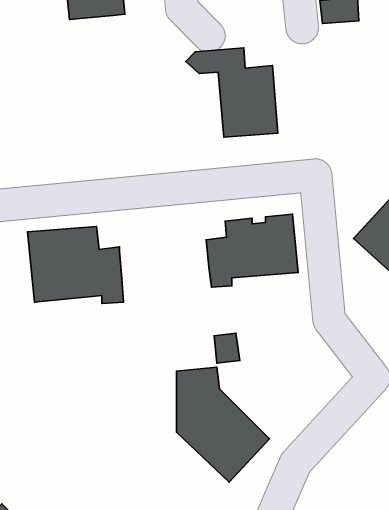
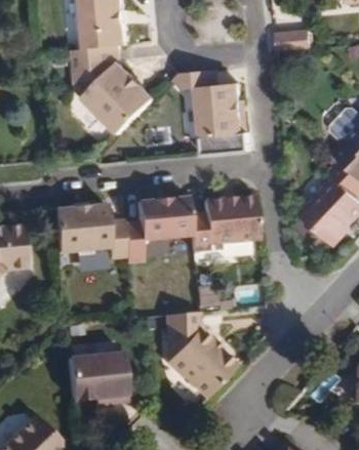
building: none -> [76,45,157,133]
building: none -> [125,197,193,248]
building: none -> [70,355,129,406]

